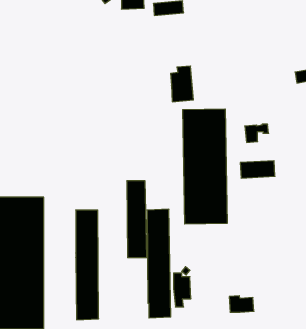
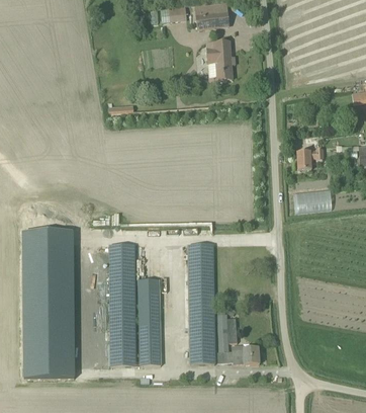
building: [171,66,193,102] -> [206,40,232,80]
building: [183,109,227,224] -> none
building: [127,181,147,258] -> [139,279,161,364]
building: [229,296,254,312] -> [232,345,259,363]

